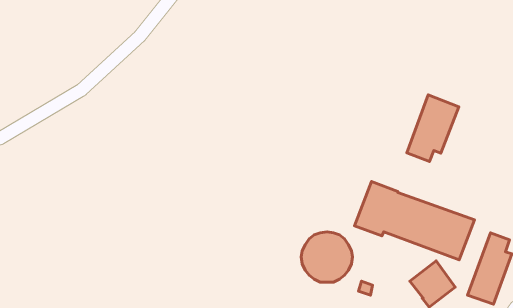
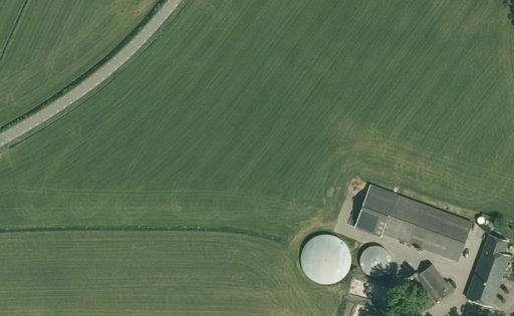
building: [407,95,459,161] -> none
building: none -> [360,246,392,277]

